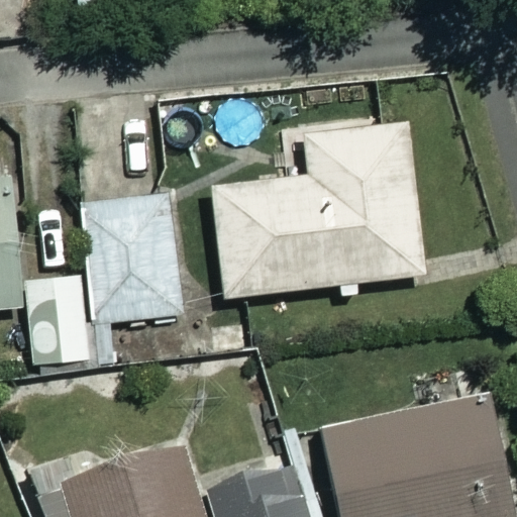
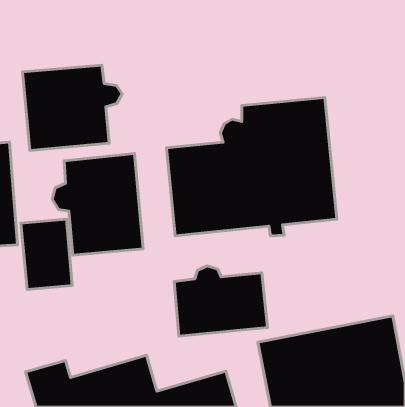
building: none -> [23,65,122,150]
building: none -> [174,266,267,336]

